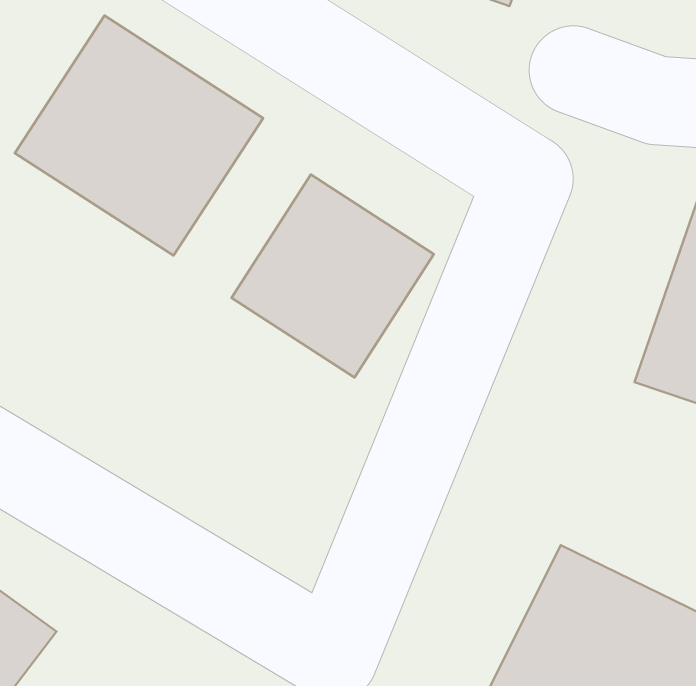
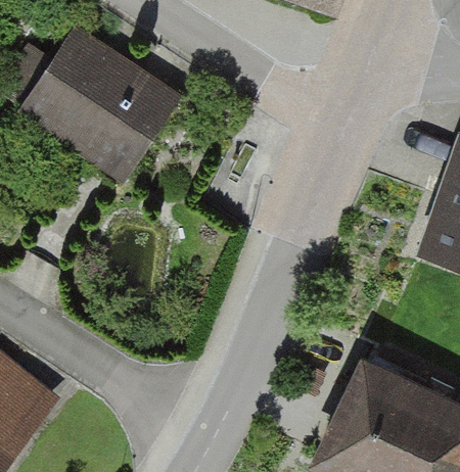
building: [231,175,434,377] -> none

